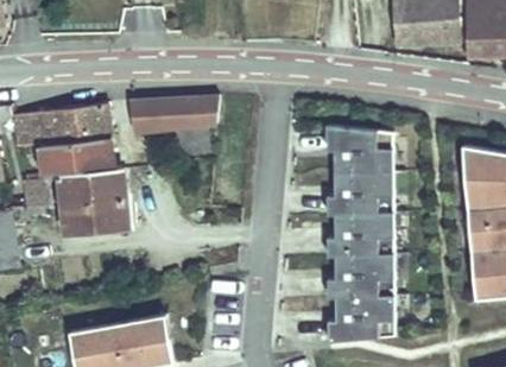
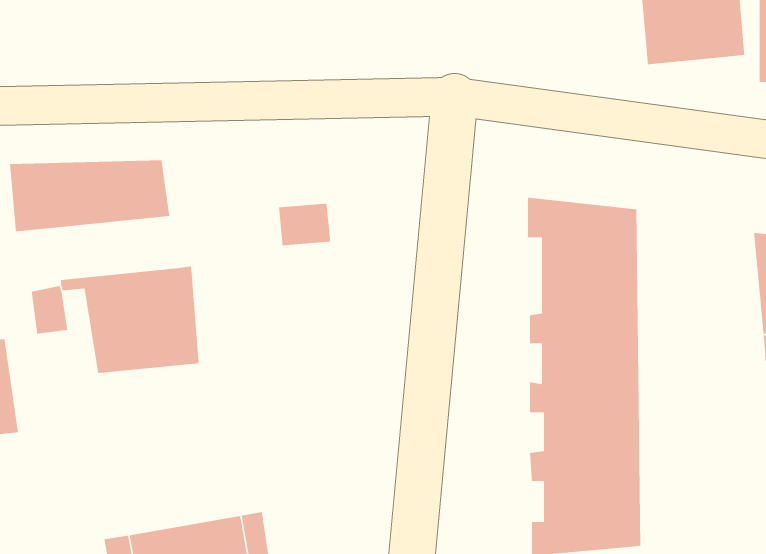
building: [128,96,219,133] -> none
building: [40,137,114,175] -> none

